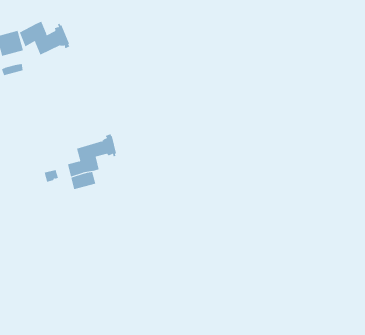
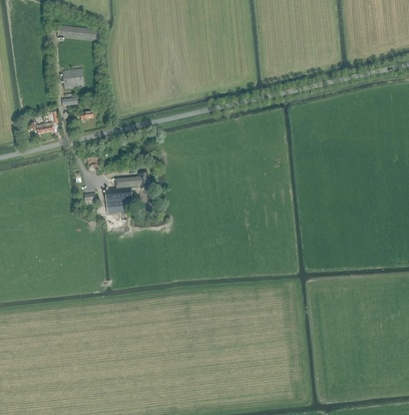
building: [19,21,70,56] -> none

